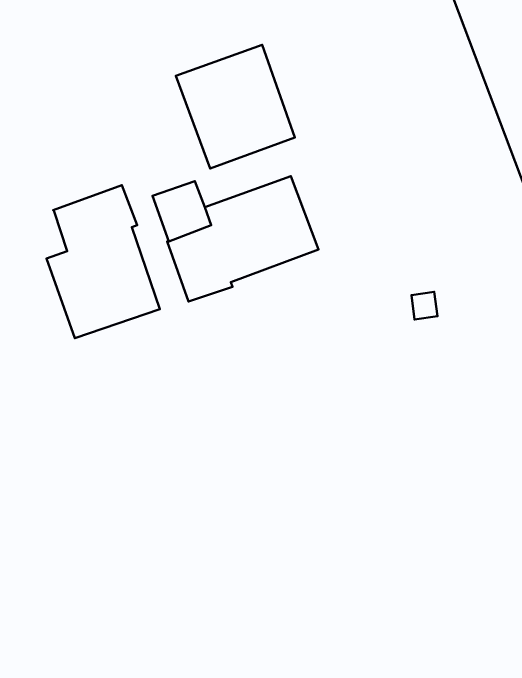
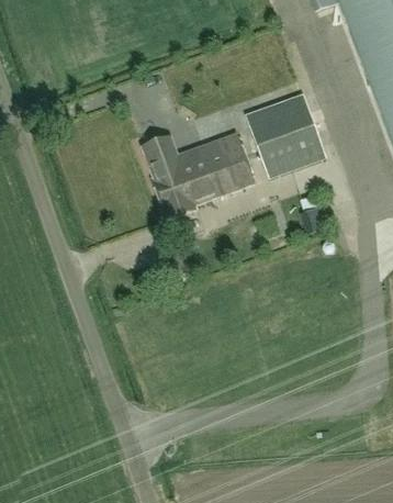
building: [176,45,295,169] -> [246,92,326,176]
building: [47,185,160,338] -> none

